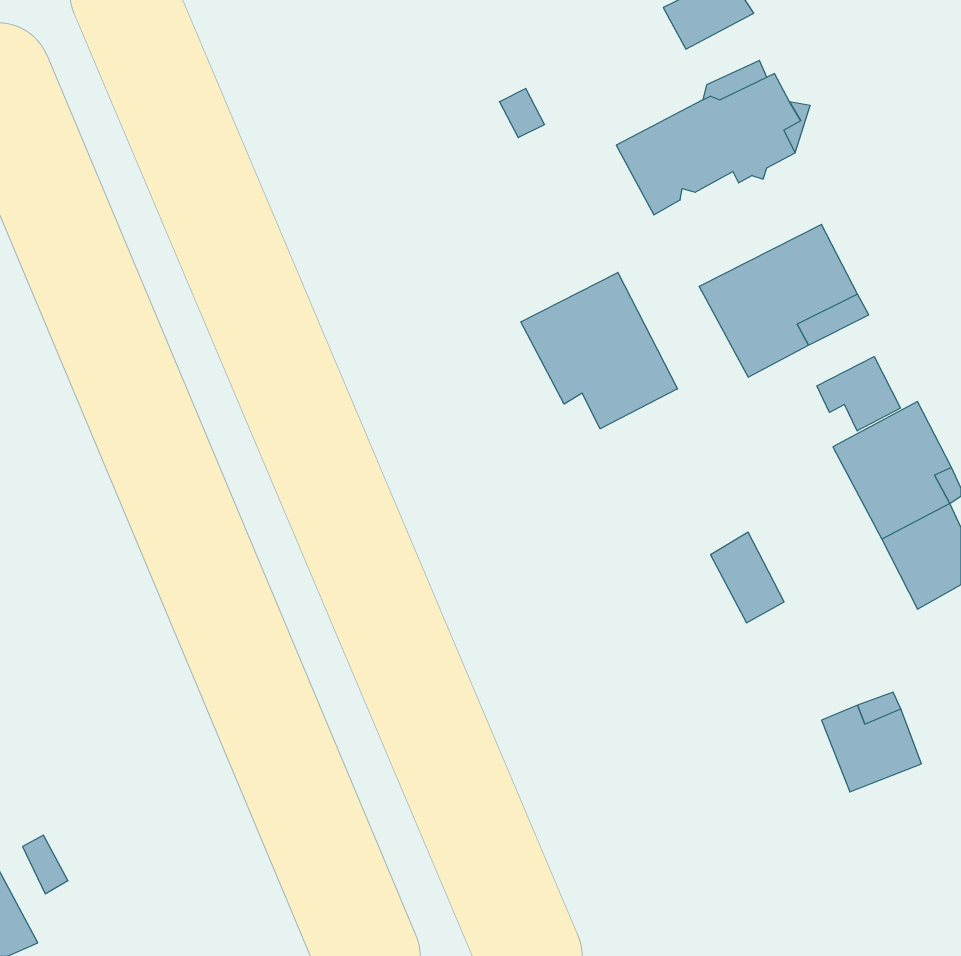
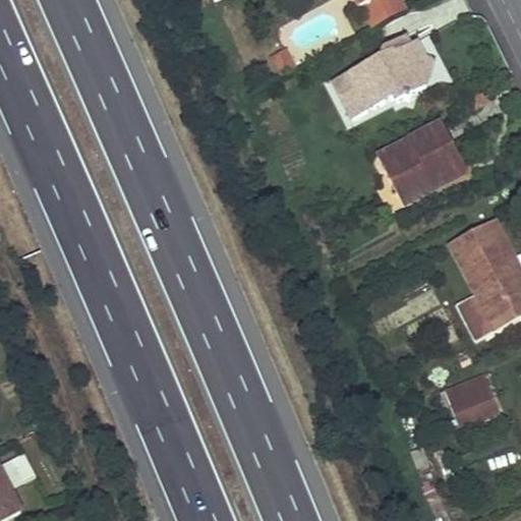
building: [521,272,678,429] -> none
building: [817,357,901,431] -> none
building: [711,532,784,623] -> [456,291,496,340]

